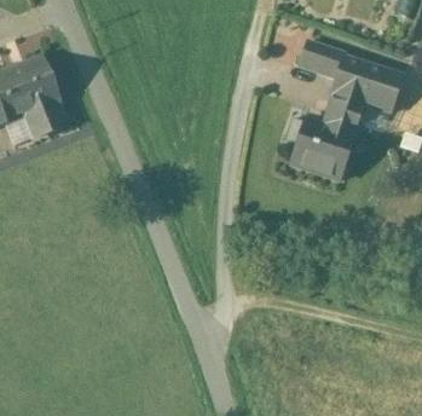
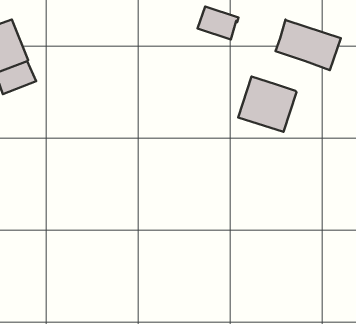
building: [299,40,343,76] -> [198,7,238,40]
building: [330,94,363,134] -> none

